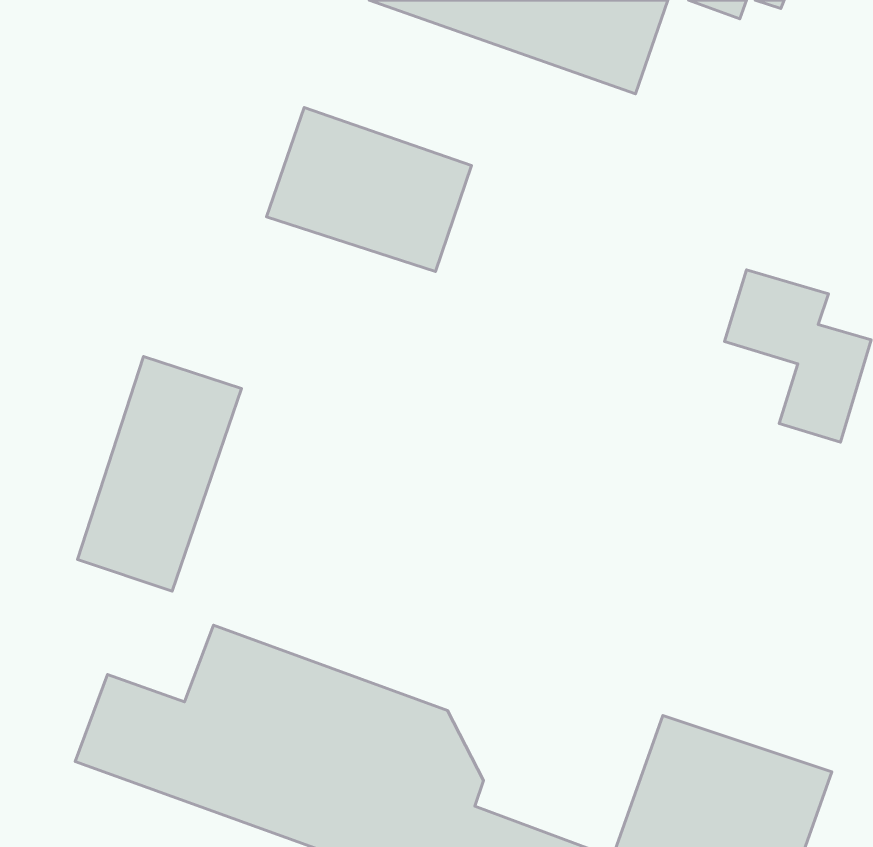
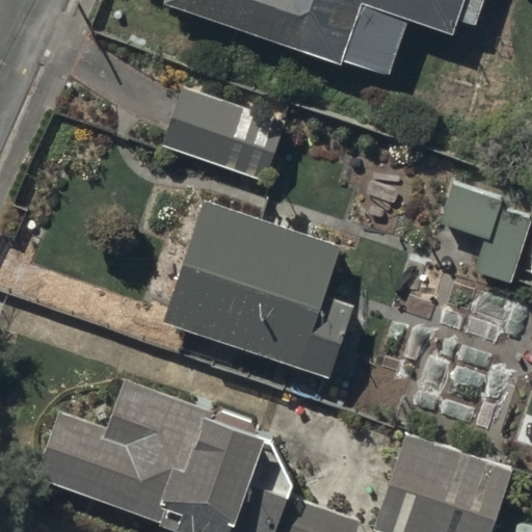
building: none -> [161,195,353,375]
building: [78,356,242,591] -> none

